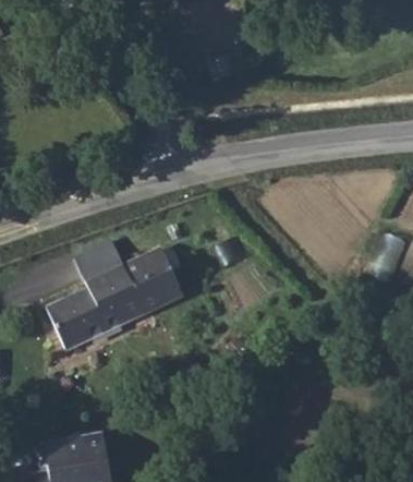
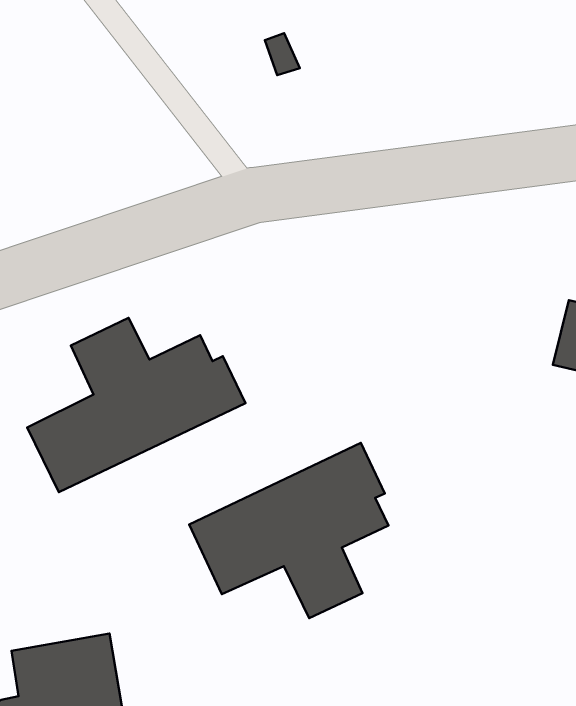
building: none -> [189,443,389,618]

